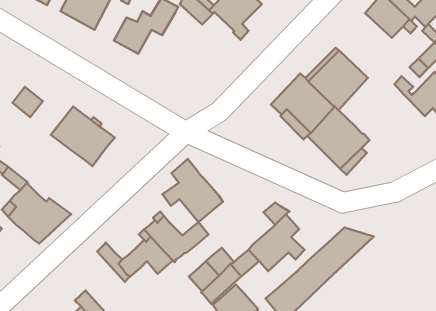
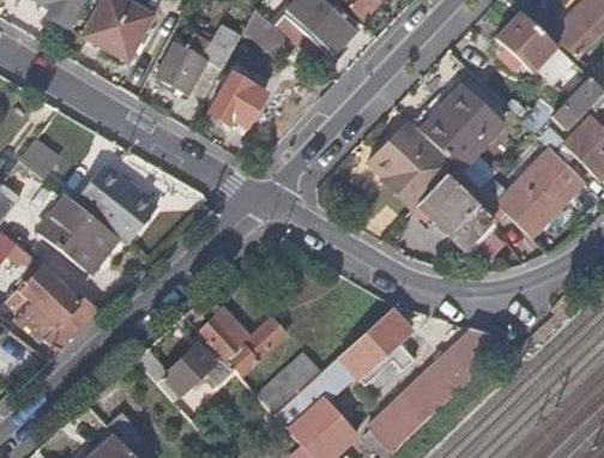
building: none -> [209,76,262,126]
building: none -> [495,147,581,235]
building: none -> [40,198,119,273]
building: [163,159,223,222] -> none

